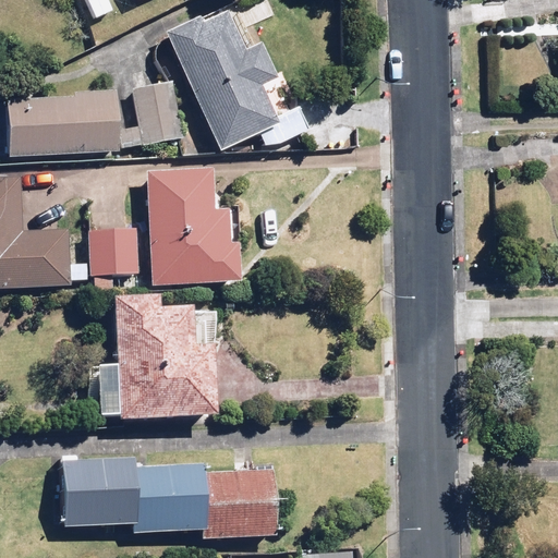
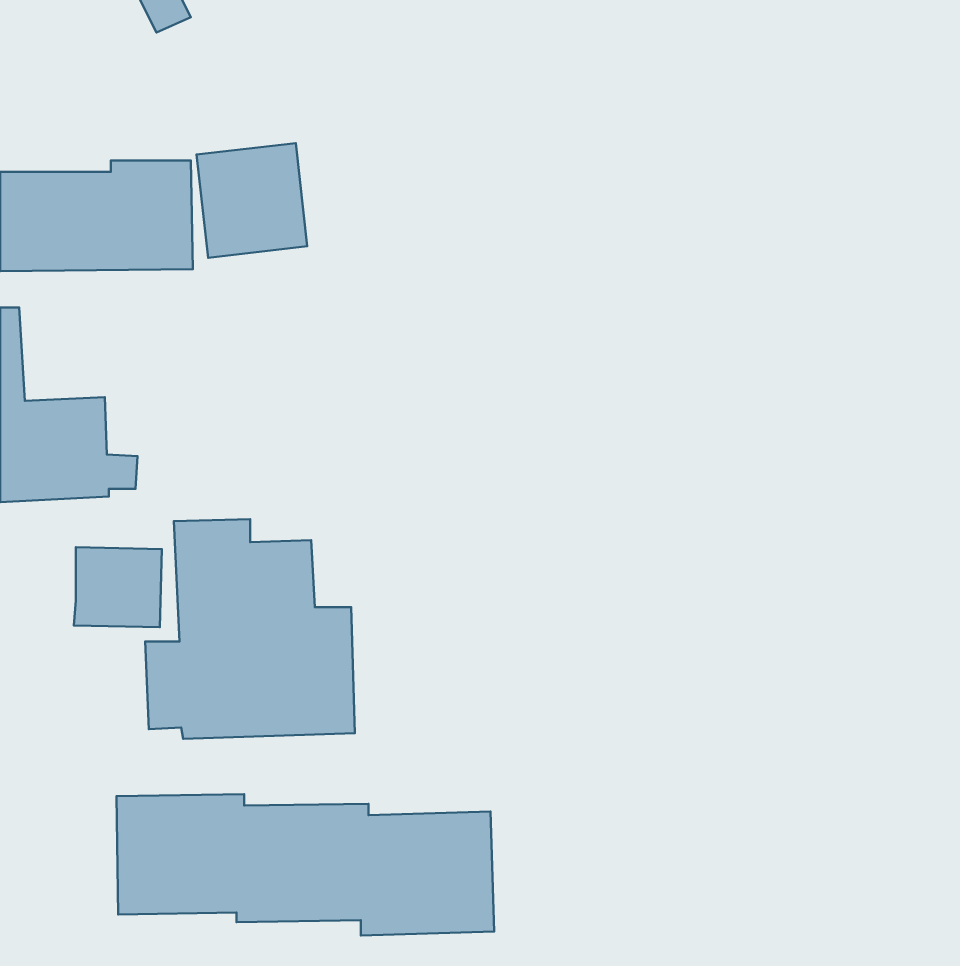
building: [167,10,312,150] -> none
building: [147,171,239,280] -> none
building: [89,230,140,276] -> [74,547,162,627]

